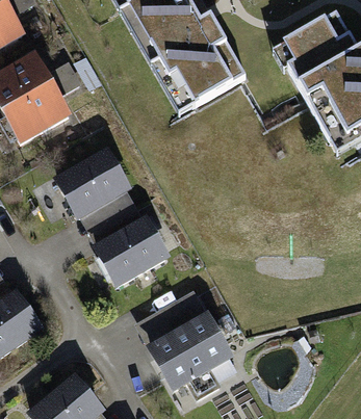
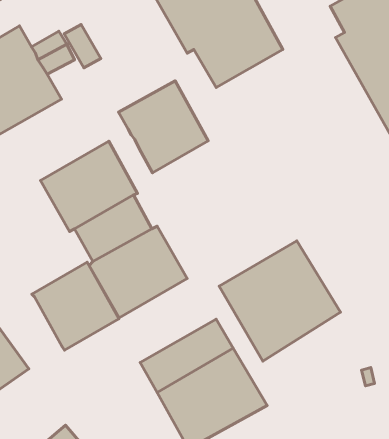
building: none -> [118,81,208,173]
building: none -> [219,241,340,361]
building: none -> [32,262,119,350]

